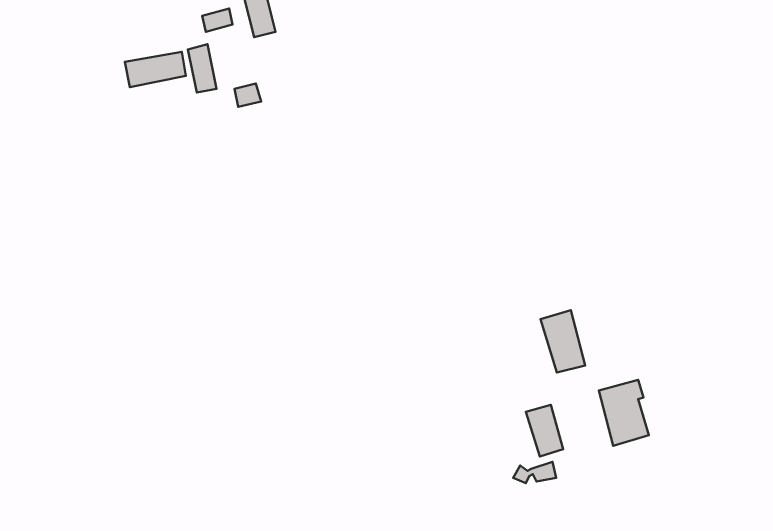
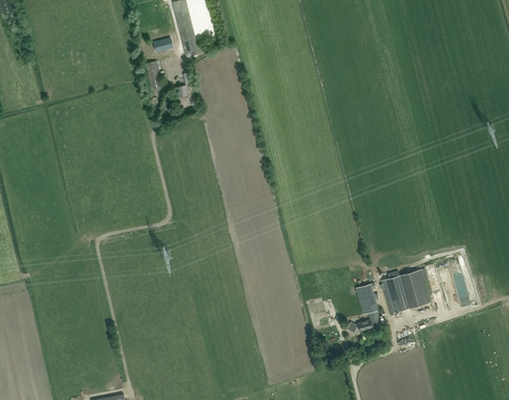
building: [125,52,186,87] -> none
building: [541,310,585,373] -> [381,275,408,314]

